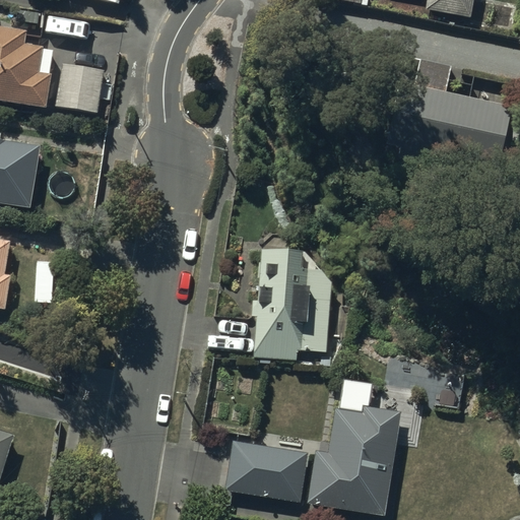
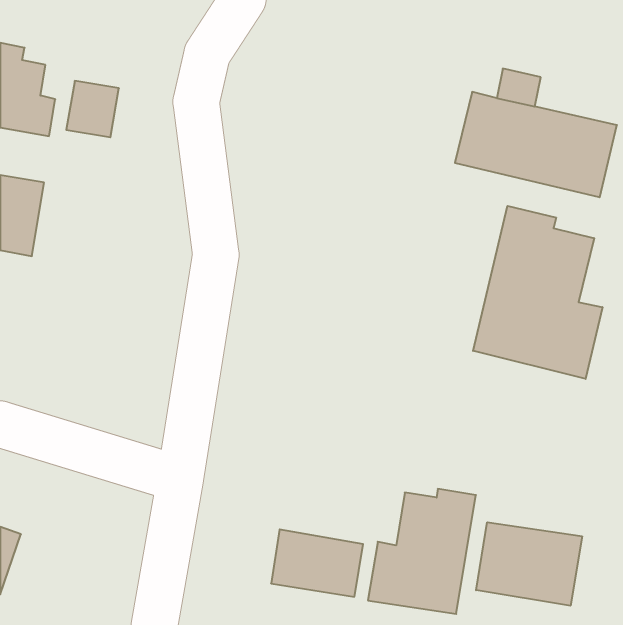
building: none -> [473,206,602,379]
building: [254,245,332,358] -> none
building: none -> [476,522,582,606]

